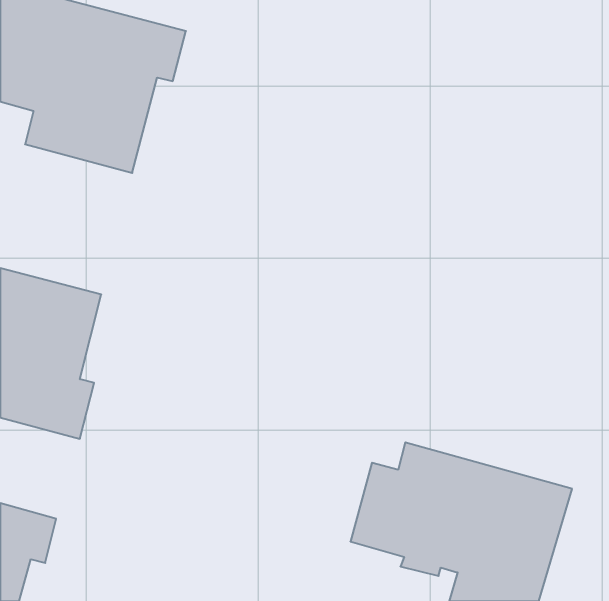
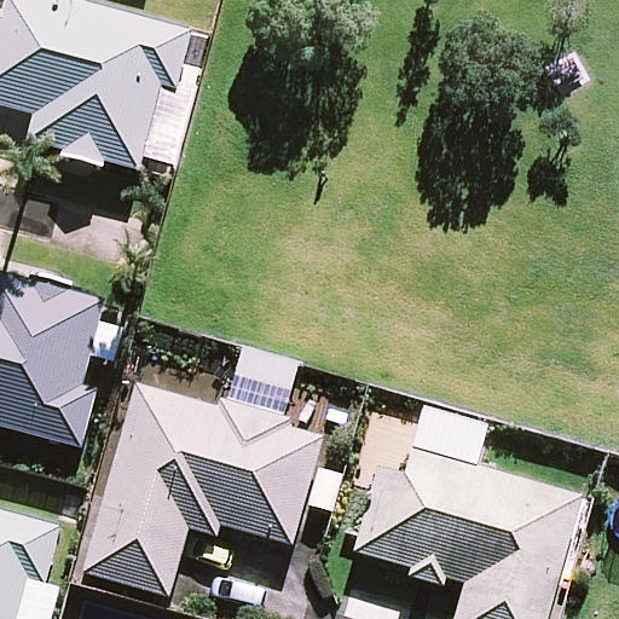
building: none -> [85,383,318,594]

